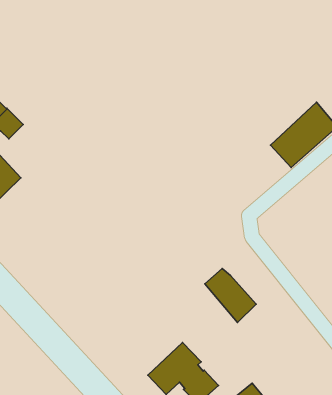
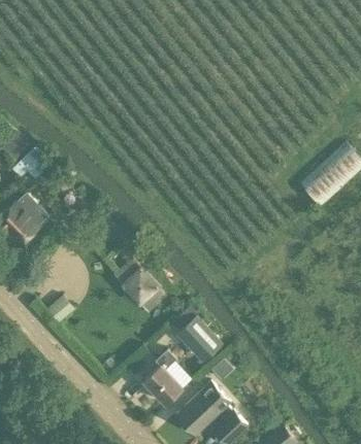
building: none -> [119,266,160,309]
building: [205,268,256,323] -> [169,308,221,363]
building: none -> [141,350,182,406]

